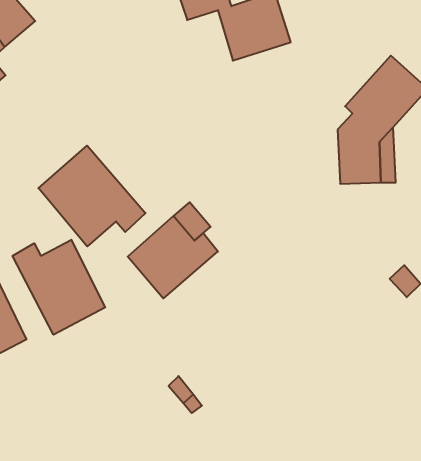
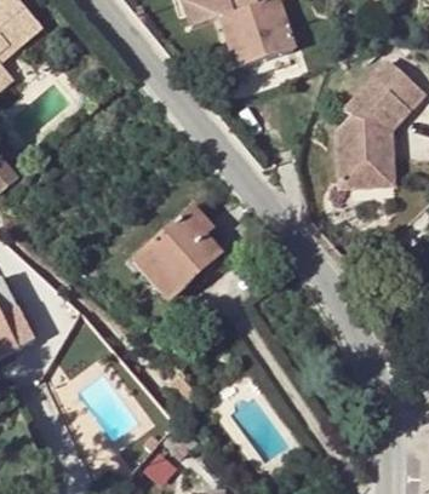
building: [38,146,146,246] -> none
building: [13,240,105,335] -> none

